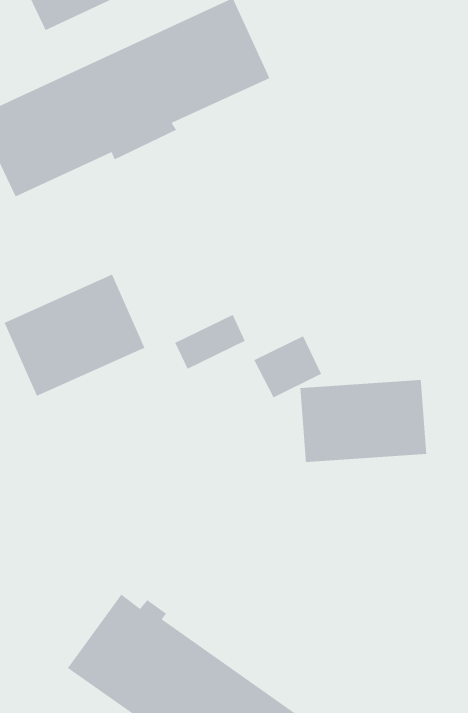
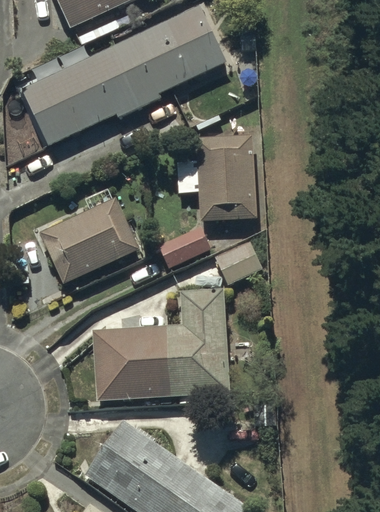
building: none -> [177,136,256,221]
building: [300,379,427,463] -> none
building: none -> [92,289,229,401]

